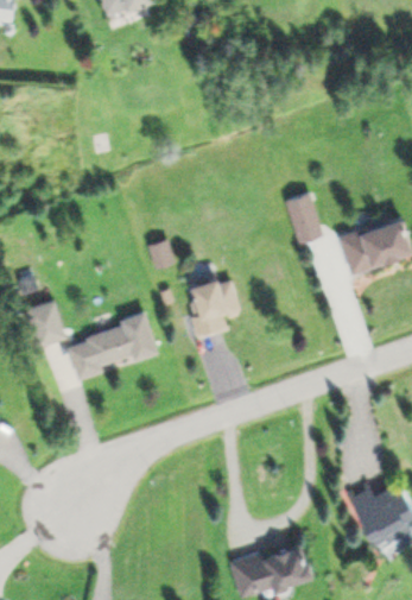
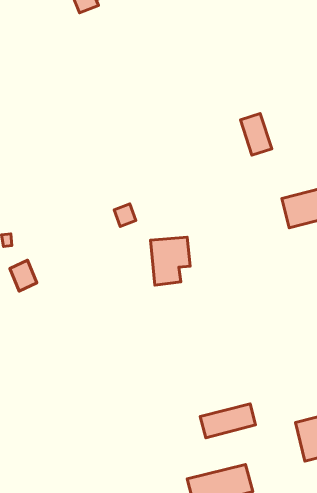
building: [286,197,322,245] -> [240,113,272,155]
building: [68,323,154,375] -> none
building: none -> [200,404,255,438]

